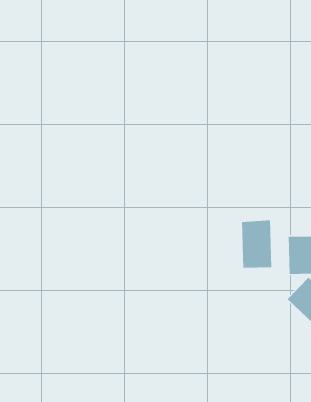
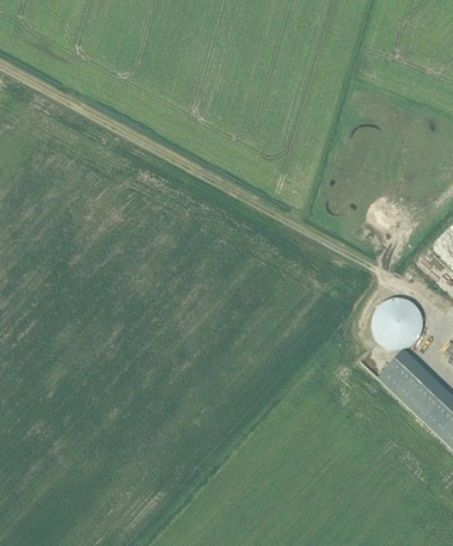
building: [241,220,272,268] -> none

